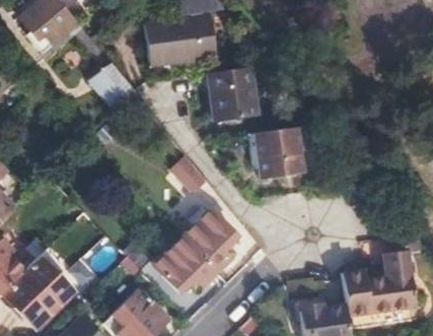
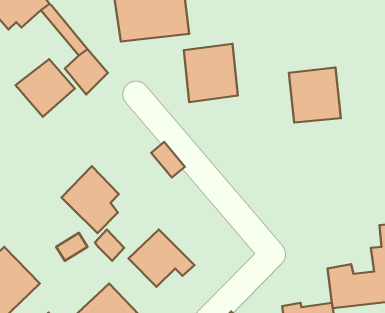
building: none -> [16,59,75,117]
building: [255,126,303,178] -> [289,67,341,122]
building: [185,211,238,274] -> [62,166,119,233]

